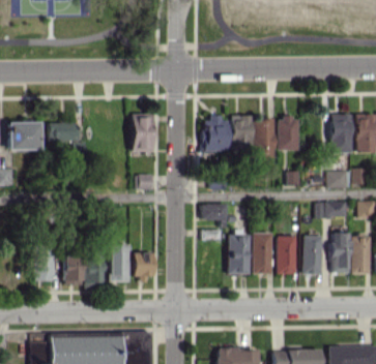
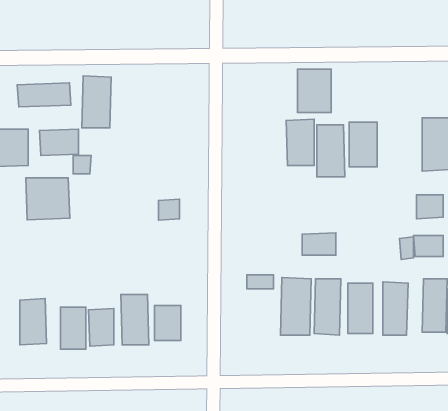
building: none -> [17,83,71,107]
building: [132,113,153,151] -> [82,76,111,128]
building: [203,118,228,150] -> [298,69,331,113]
building: none -> [26,178,70,220]
building: [202,203,227,219] -> [302,233,336,255]

